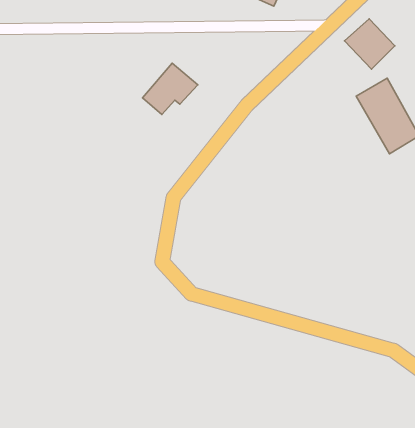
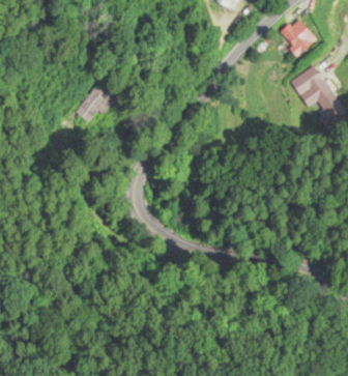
building: [143,63,198,114] -> [76,81,120,122]

